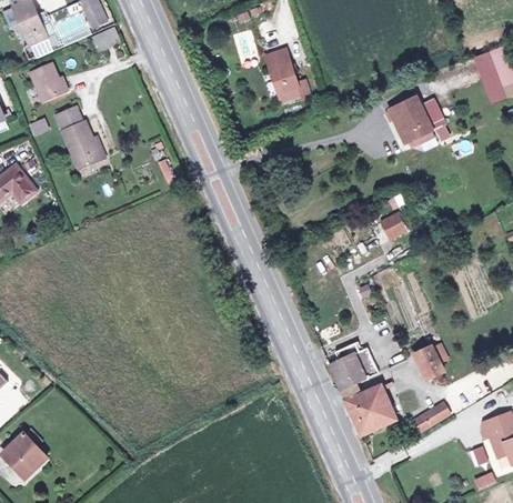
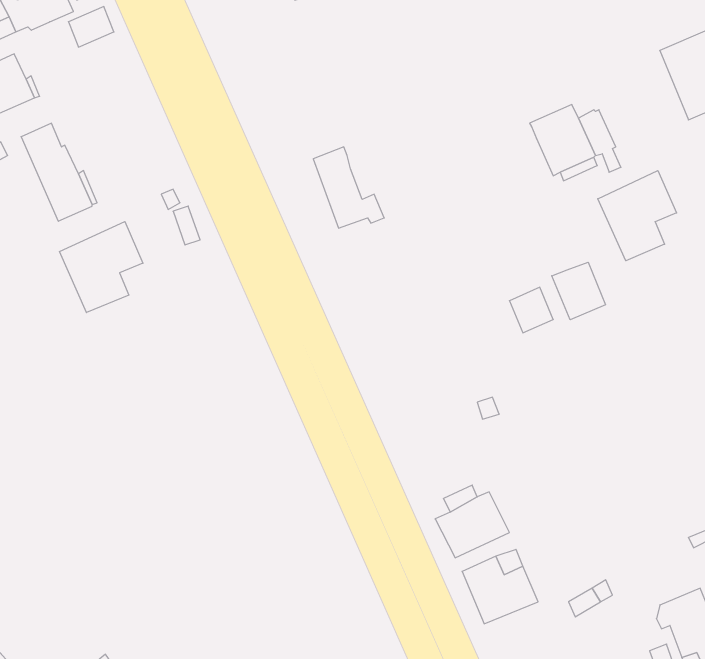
building: [264,48,311,101] -> [313,147,384,228]
building: none -> [598,171,677,261]
building: none -> [59,222,143,313]
building: none -> [552,262,605,320]
building: [413,344,445,381] -> none

